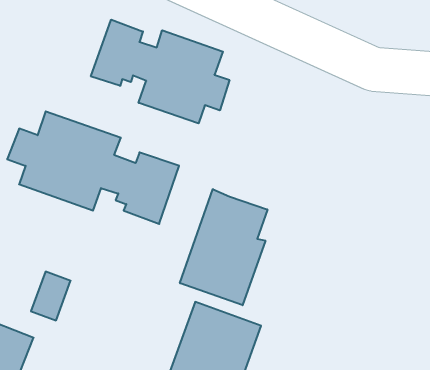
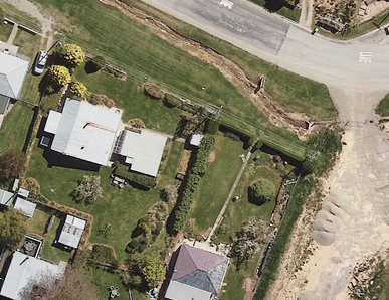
building: [91,20,229,123] -> none
building: [180,189,267,305] -> none

